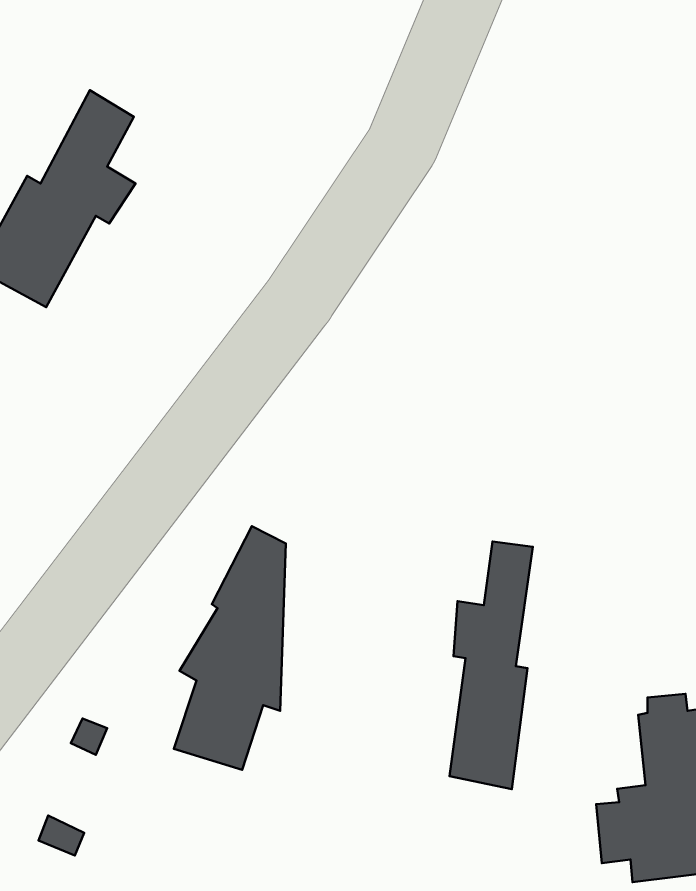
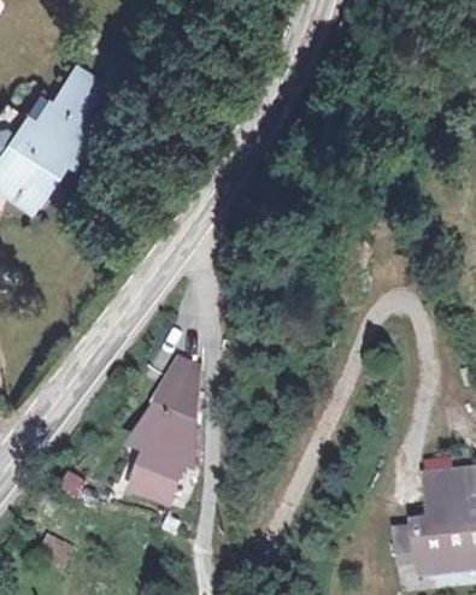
building: [449,541,533,789] -> none

